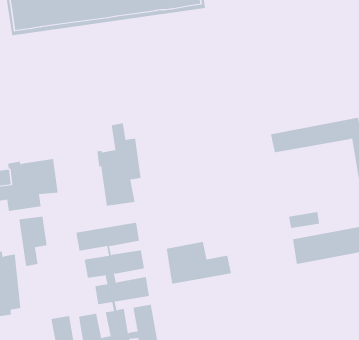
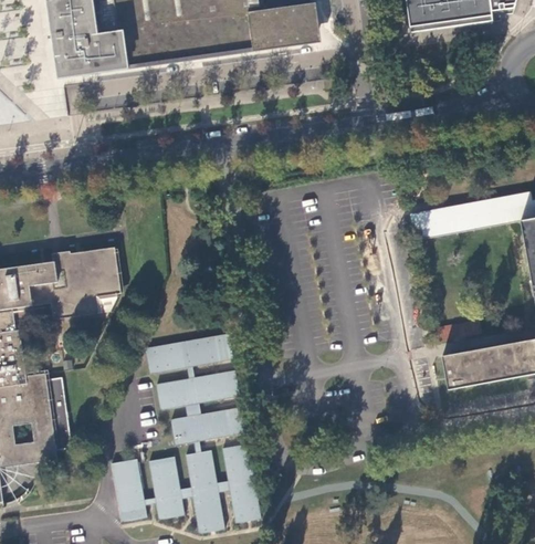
building: [97,123,141,207] -> none
building: [19,216,47,267] -> none
building: [166,241,231,284] -> none

